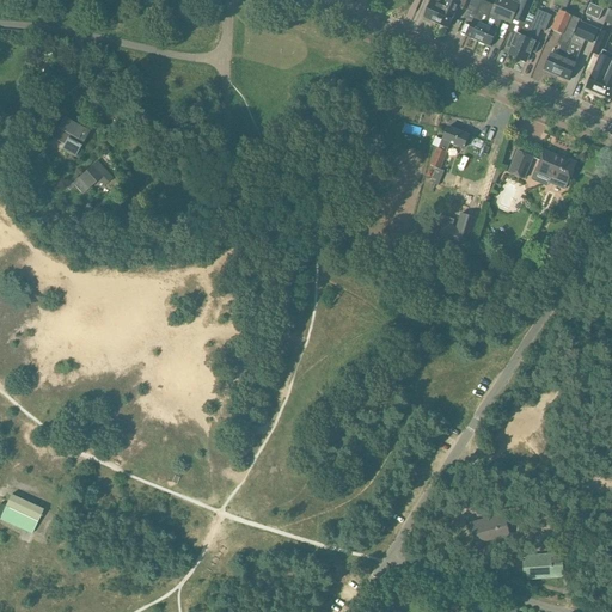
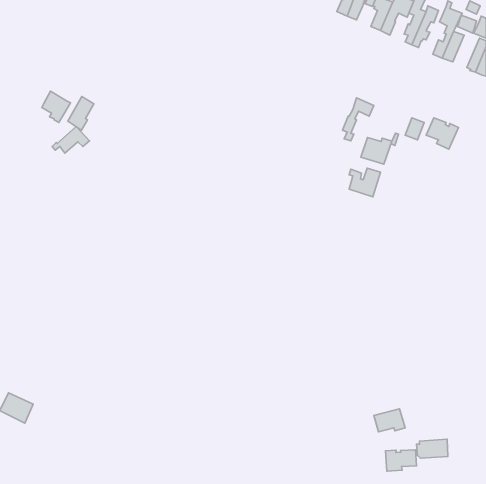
building: none -> [68,96,94,130]
building: none -> [361,138,392,164]
building: none -> [386,450,416,471]

